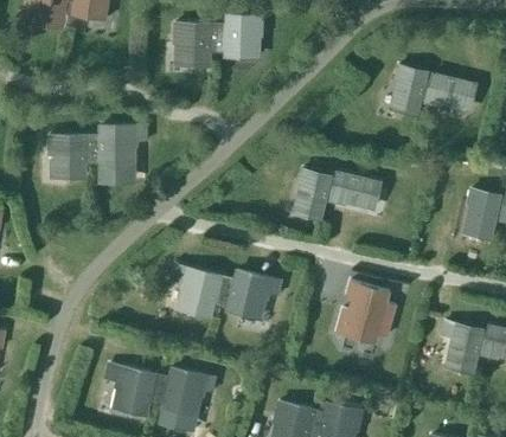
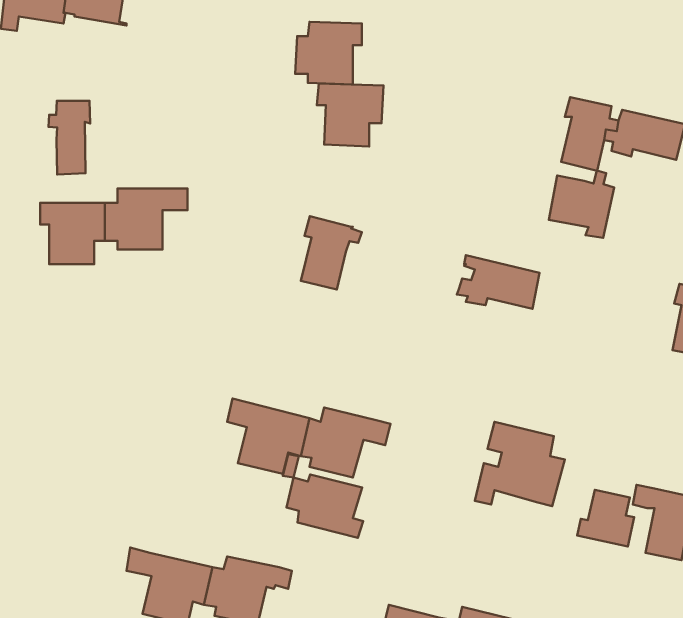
building: [175,26,219,68] -> [317,84,383,146]
building: none -> [49,101,90,174]
building: none -> [549,171,614,238]
building: [296,171,337,219] -> [301,216,362,290]
building: none -> [286,475,363,538]
building: none -> [577,490,634,546]

